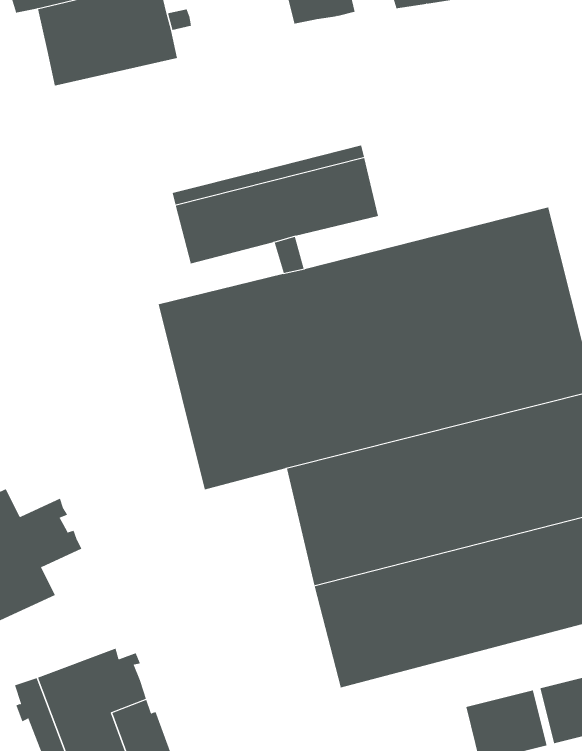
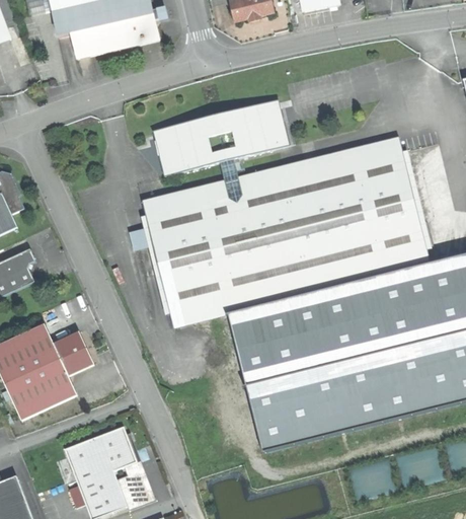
building: none -> [51,8,71,39]

